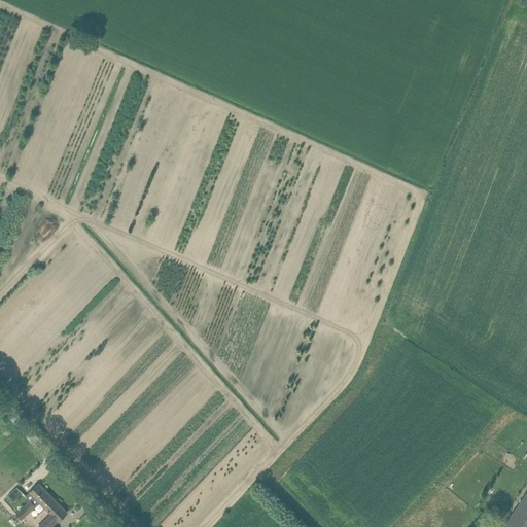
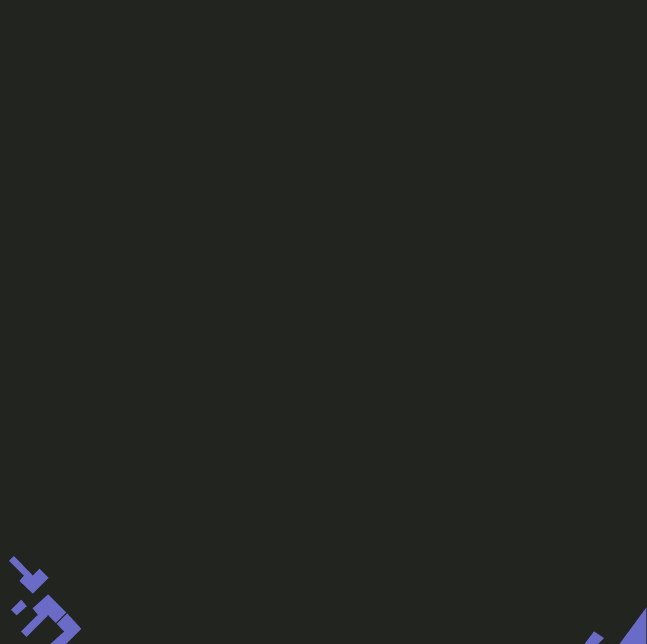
building: none -> [8,555,50,594]

